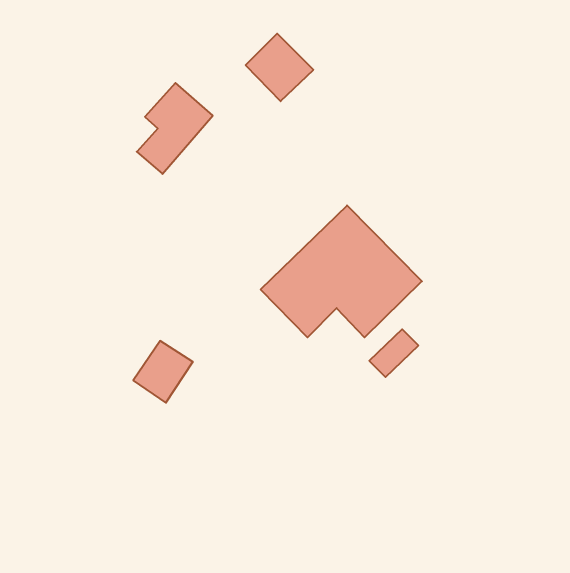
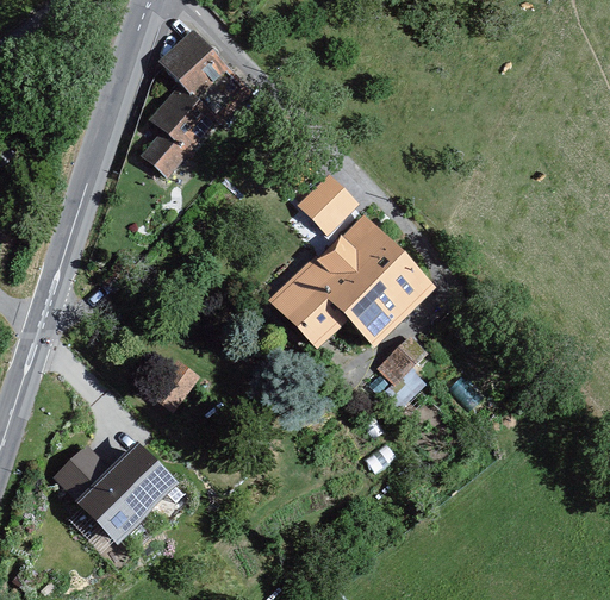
building: [246,34,313,101] -> [163,31,232,100]
building: none -> [293,171,354,232]
building: none -> [51,438,178,542]

